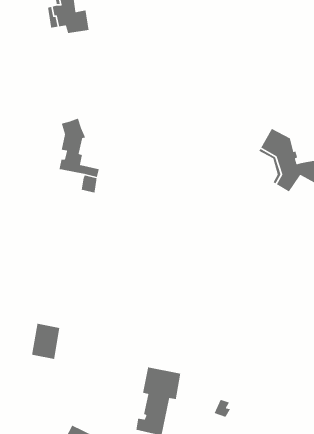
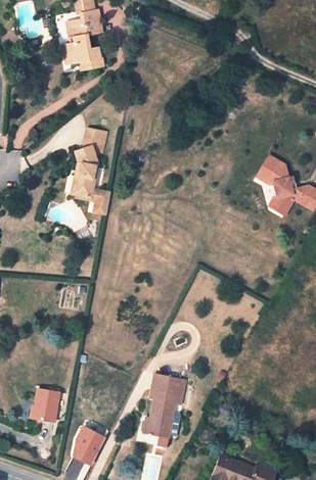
building: none -> [83,129,106,155]
building: [31,323,60,360] -> [33,388,59,422]

